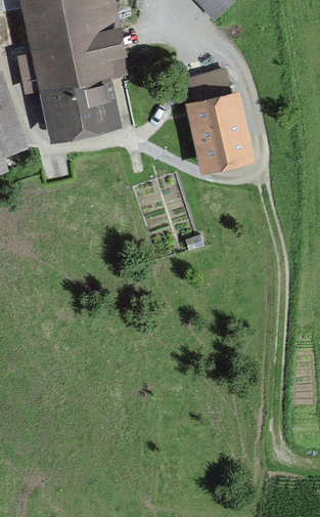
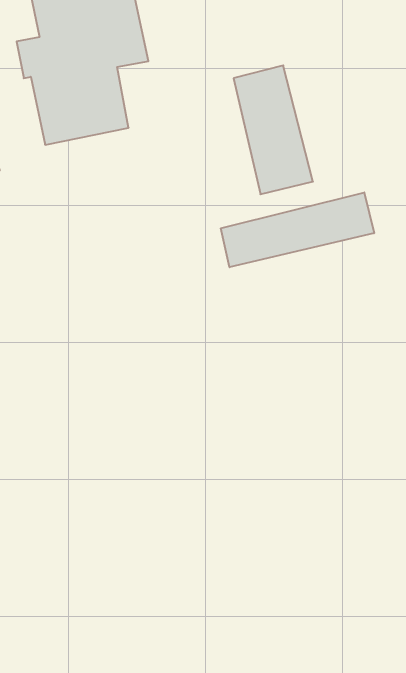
building: none -> [221,192,374,267]

